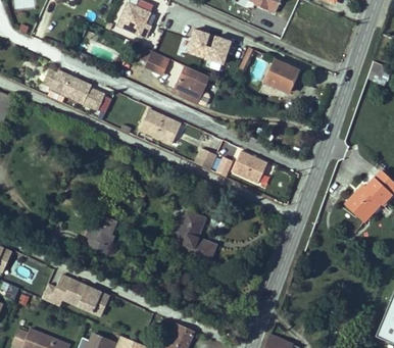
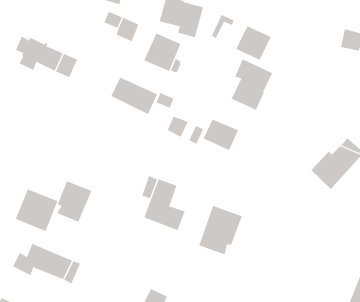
building: none -> [231,59,273,111]
building: none -> [15,189,58,232]
building: none -> [199,205,243,255]

